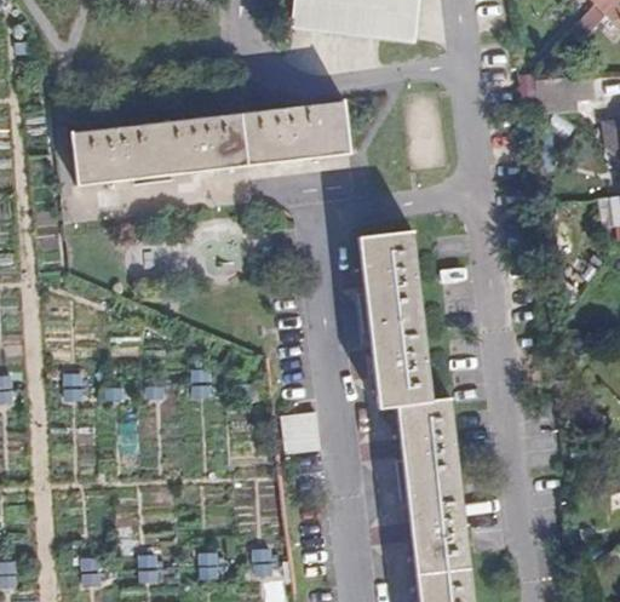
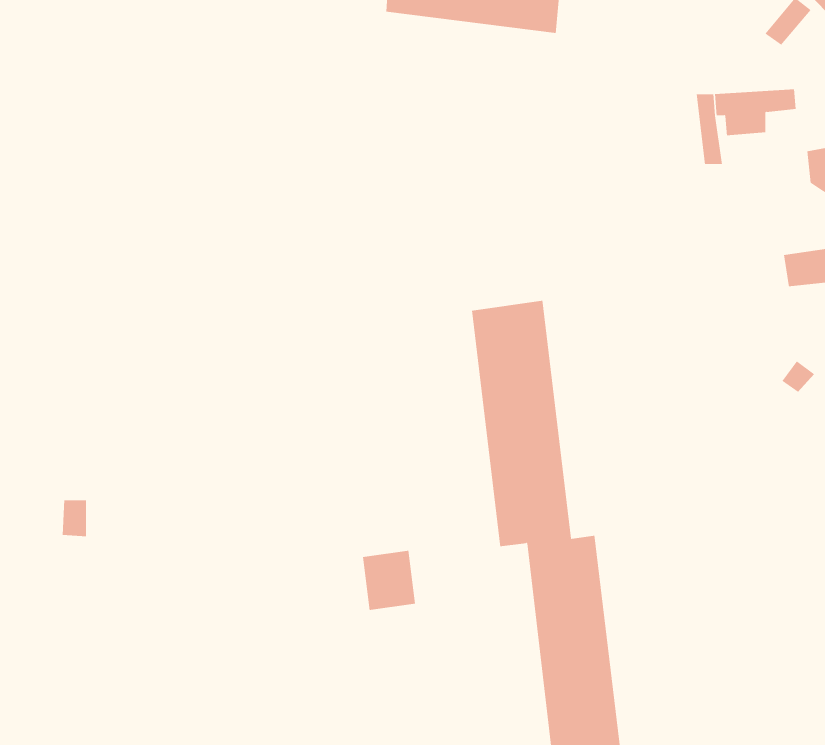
building: [71,103,350,185] -> none

